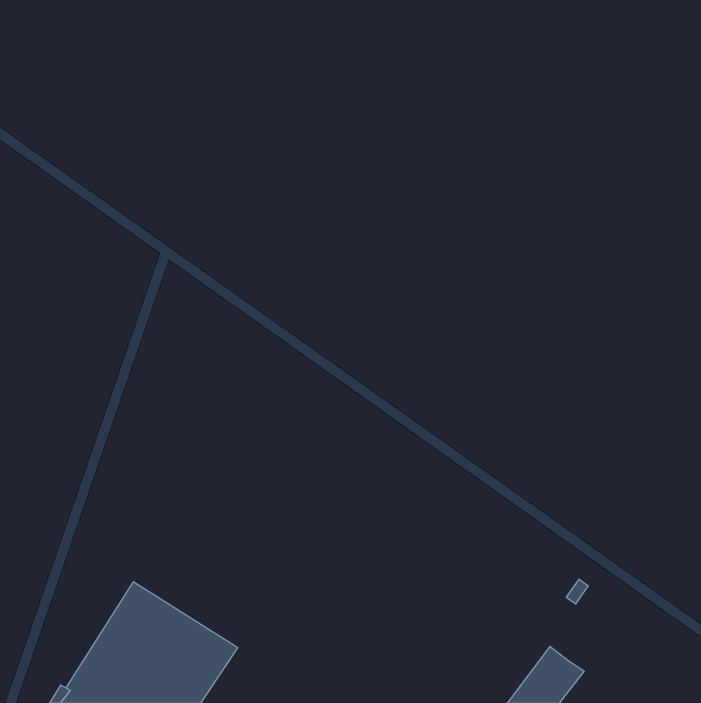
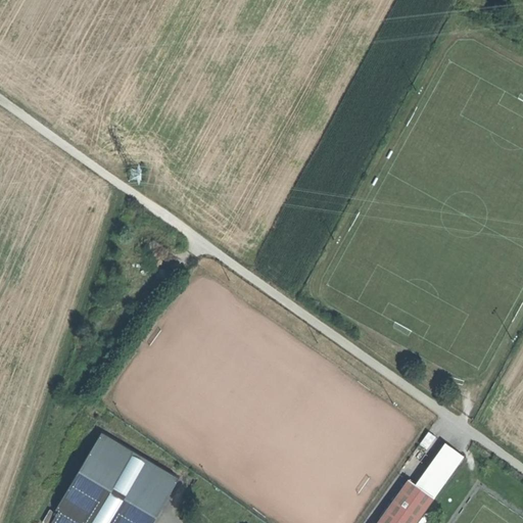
building: none -> [423,448,465,498]

